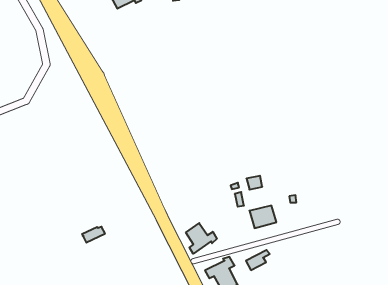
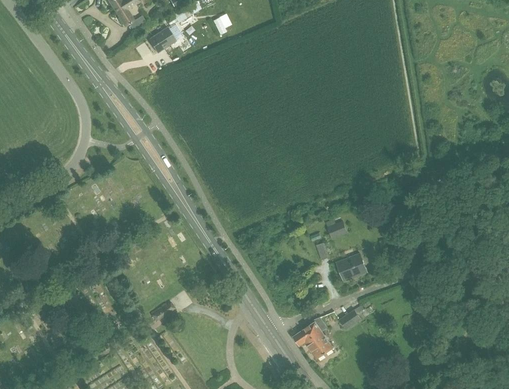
building: [186,223,217,254] -> none

